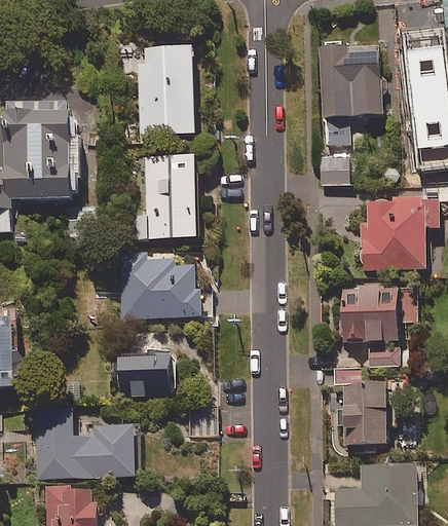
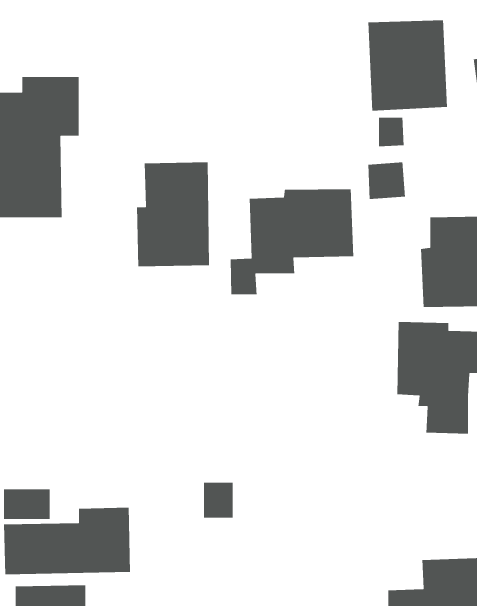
building: [135,46,194,137] -> none
building: none -> [230,189,354,295]
building: [116,253,200,318] -> none
building: [116,351,173,397] -> none
building: [330,367,387,445] -> none

